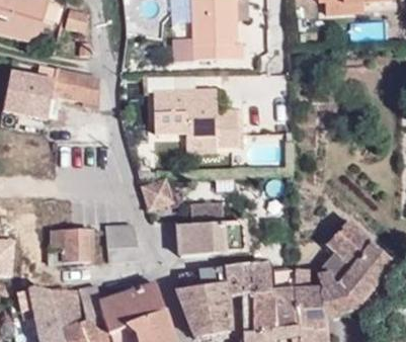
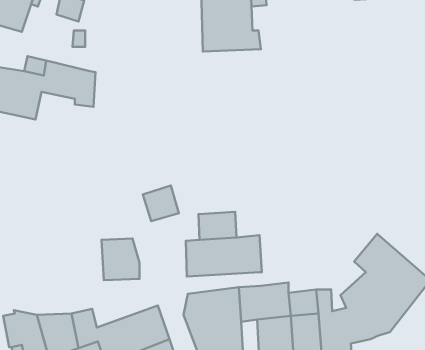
building: [153,89,237,152] -> none
building: [48,229,91,262] -> none

